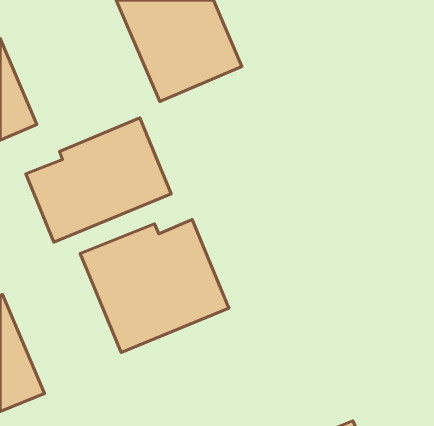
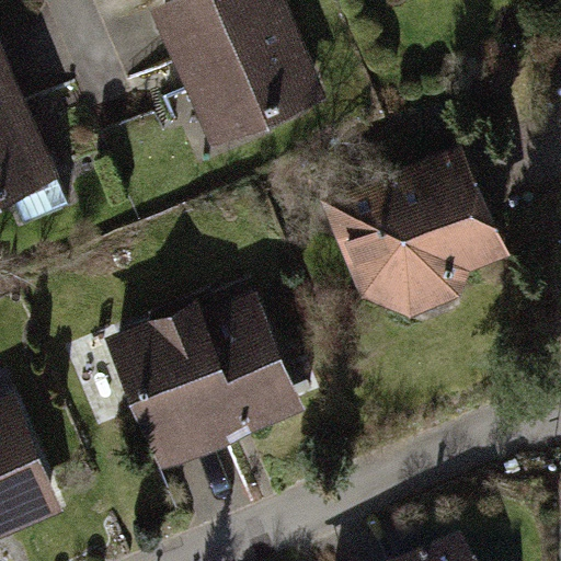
building: none -> [323,141,506,316]
building: [26,118,171,242] -> none

